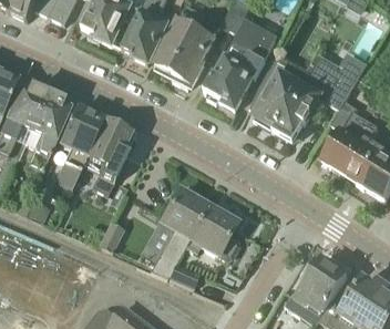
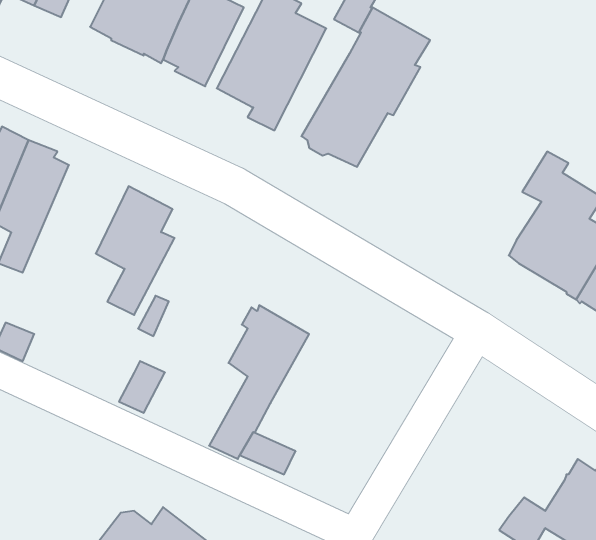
building: [248,52,358,142] -> none
building: [54,106,103,188] -> none
building: [185,205,238,258] -> none
building: [284,257,347,315] -> none

